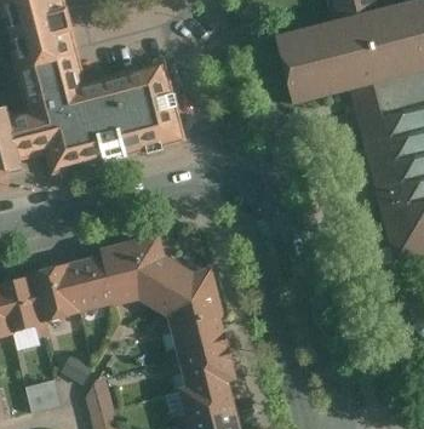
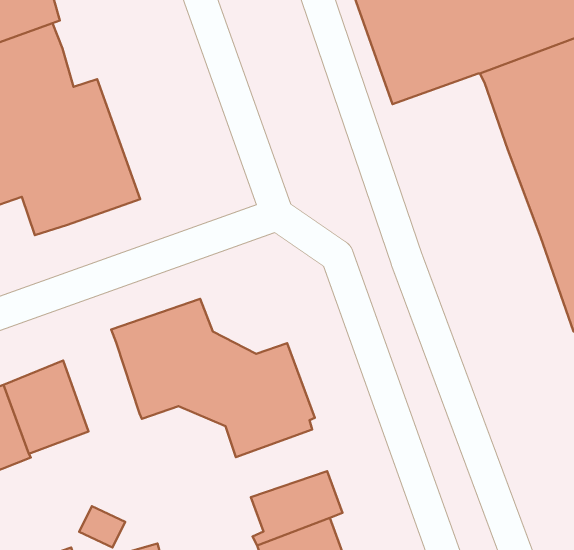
building: [103,63,189,159] -> none
building: [64,250,110,305] -> none
building: [170,318,228,358] -> none

